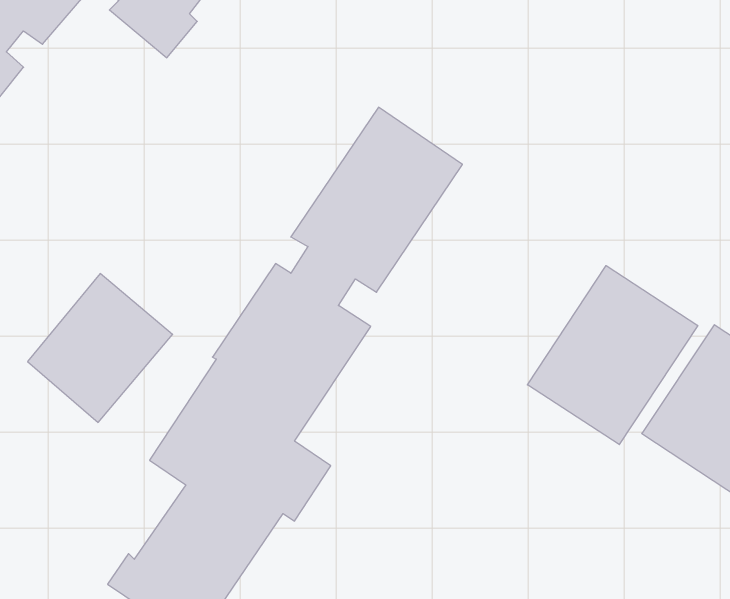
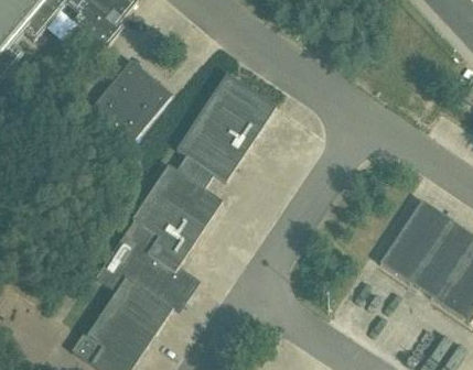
building: [527,266,698,445] -> none
building: [28,274,173,422] -> [87,59,171,145]

